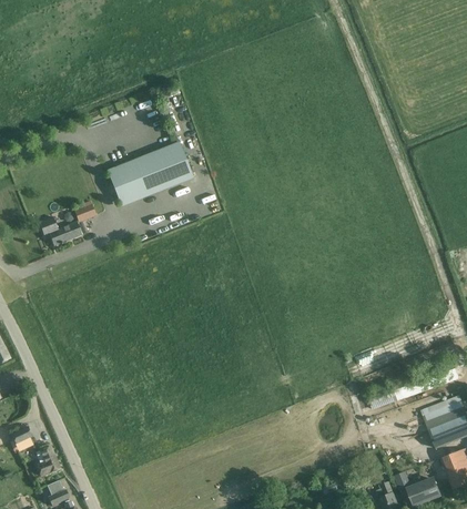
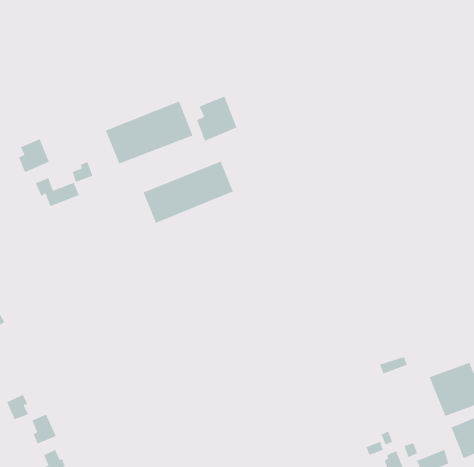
building: none -> [196,96,238,142]
building: none -> [18,138,50,173]
building: none -> [142,161,234,224]

